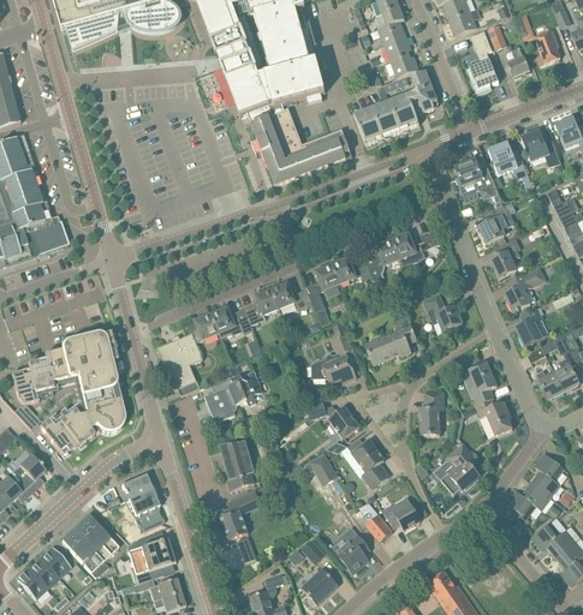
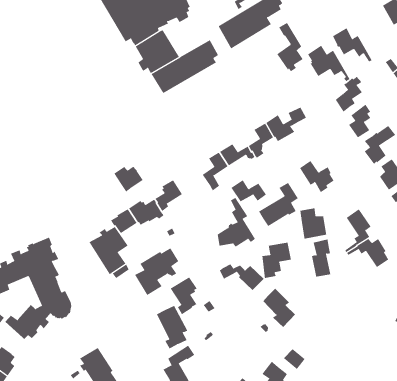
building: none -> [277,22,304,72]
building: [522,129,561,167] -> none
building: none -> [114,166,143,193]
building: [270,281,313,310] -> [231,180,267,202]
building: none -> [300,208,327,239]
building: none -> [262,242,291,279]
building: none -> [170,277,197,315]
building: [441,442,478,492] -> none
building: [304,452,338,483] -> none
building: [382,497,420,529] -> none

